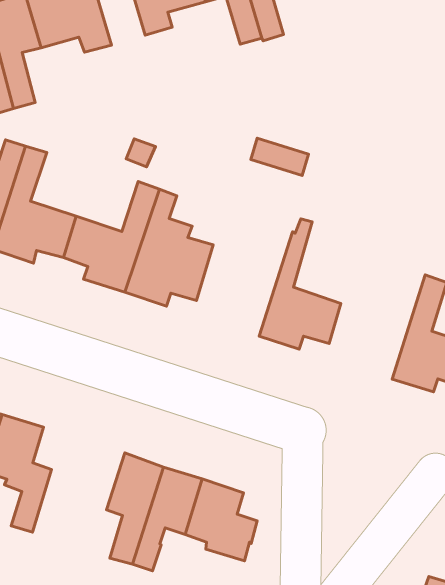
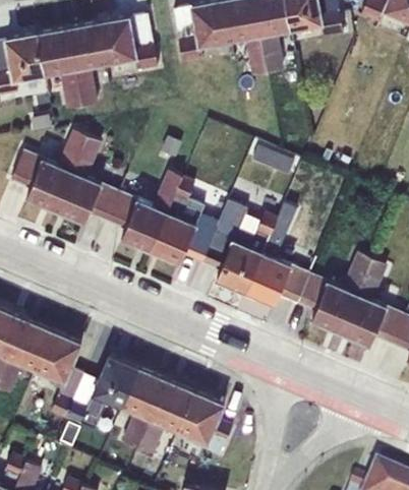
building: none -> [202,201,278,292]
building: none -> [297,252,372,332]
building: none -> [66,356,139,431]

